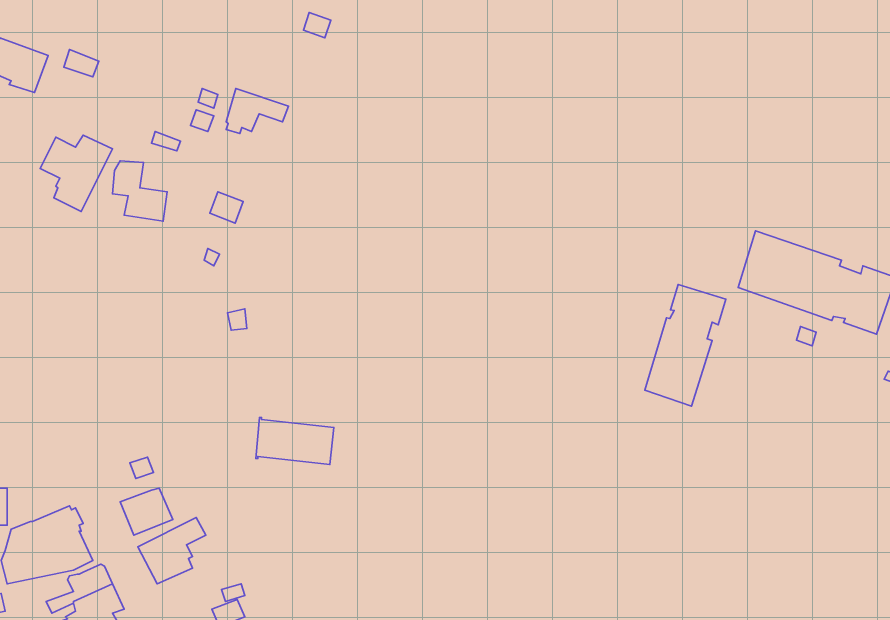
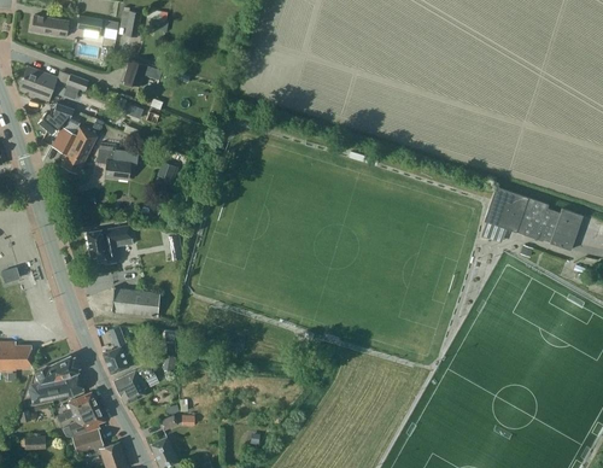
building: [226,89,288,133] -> [123,59,162,87]
building: none -> [39,104,74,133]
building: [645,284,726,406] -> none
building: none -> [86,226,133,263]
building: [256,418,334,464] -> [111,287,159,316]

